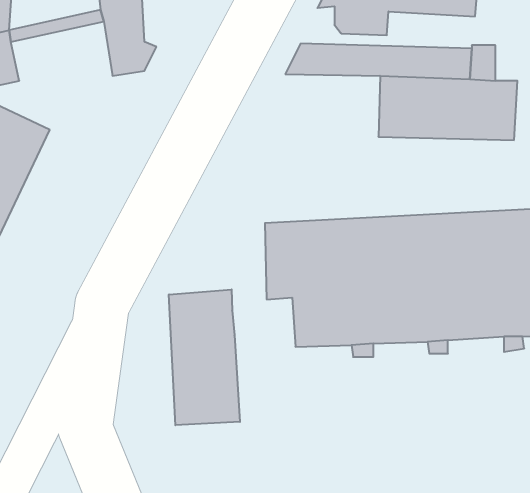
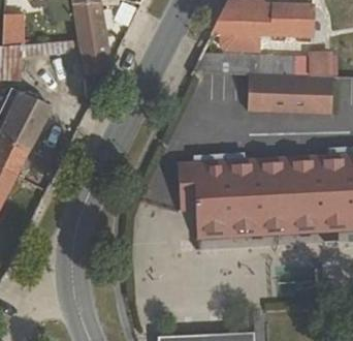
building: [169,289,240,425] -> none

